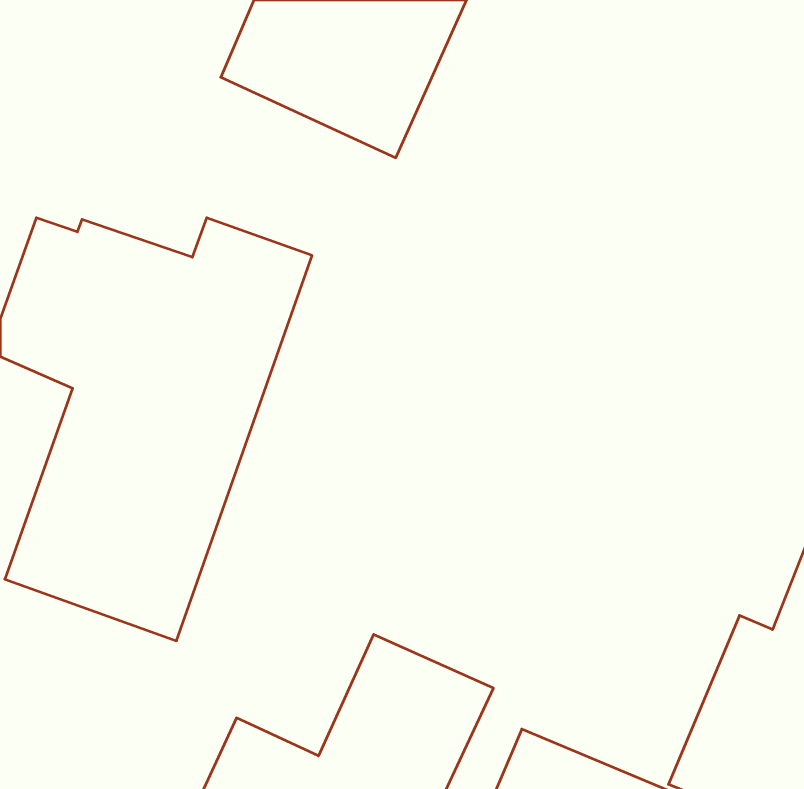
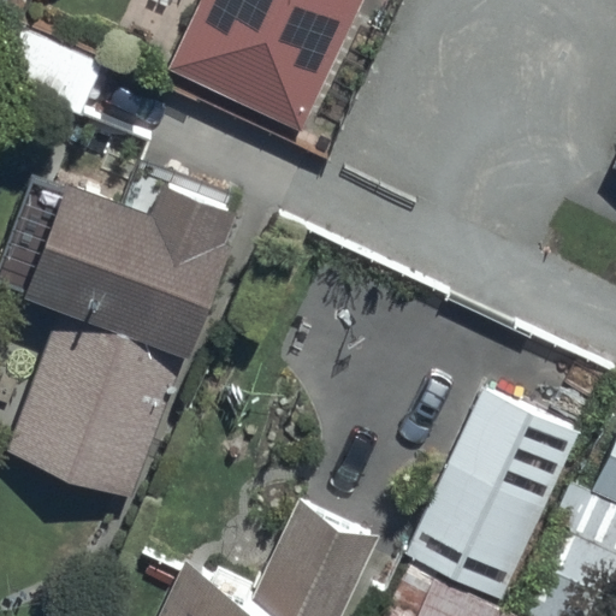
building: none -> [407,392,576,599]

